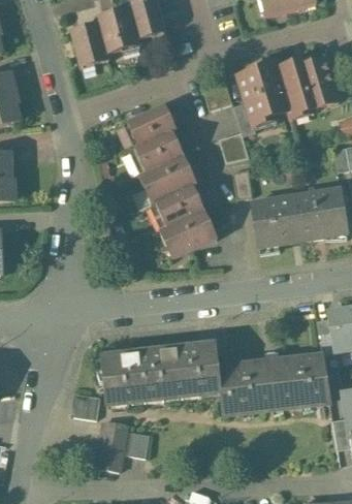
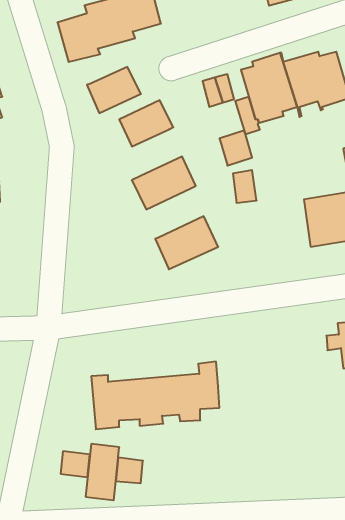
building: [135,131,185,174] -> [87,67,141,113]
building: [152,185,204,230] -> none
building: [249,195,302,246] -> none
building: [218,354,327,413] -> none
building: [72,395,99,418] -> [61,451,90,477]

